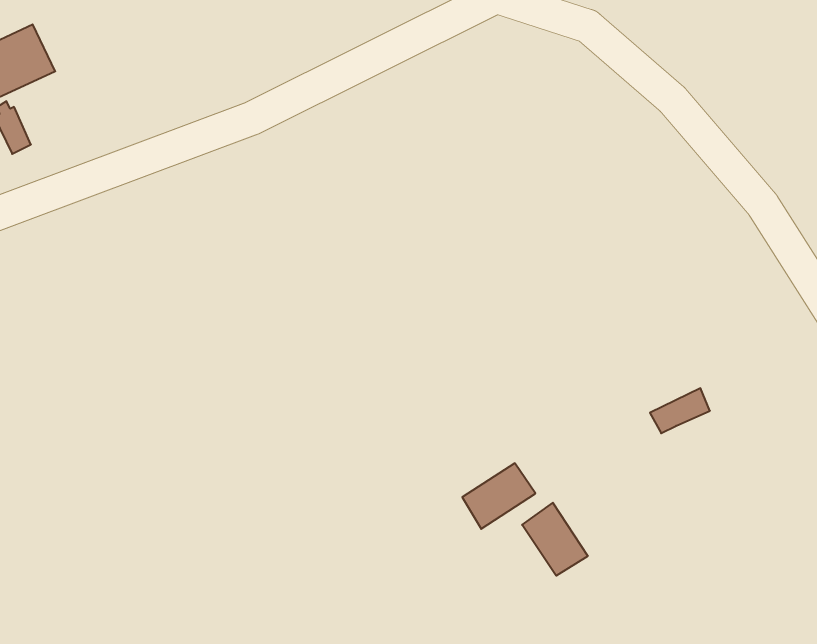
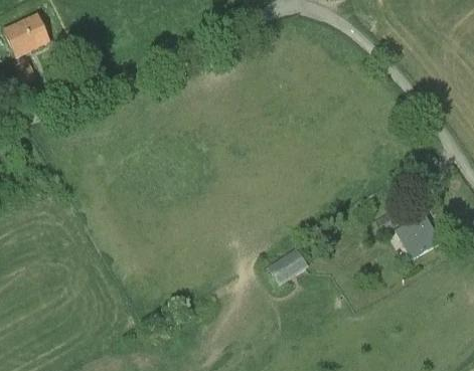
building: none -> [397,213,440,256]
building: [522,503,588,576] -> none

